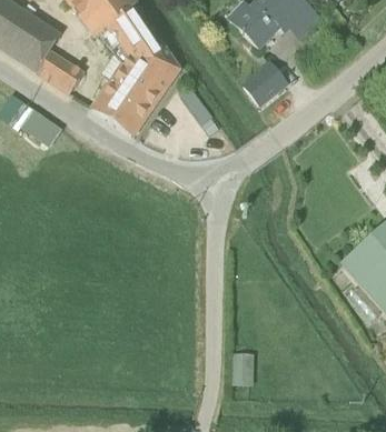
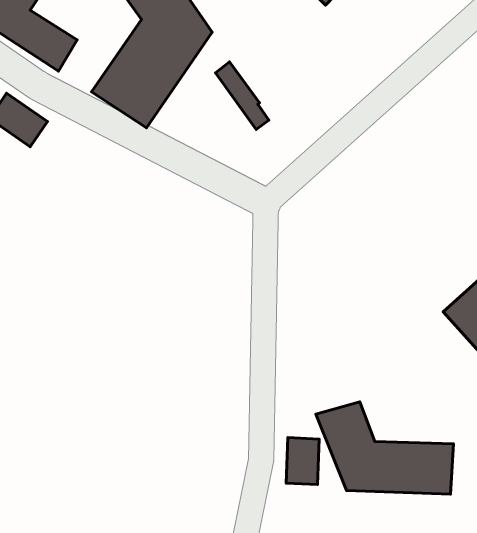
building: [244,63,286,104] -> none
building: none -> [316,402,454,494]

